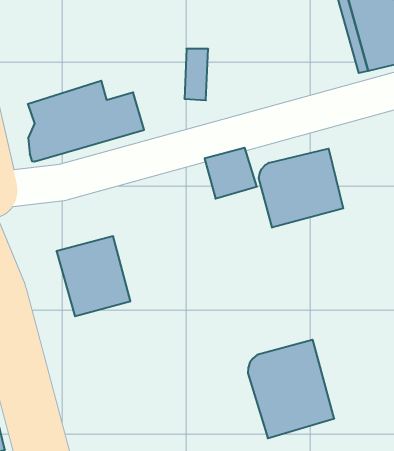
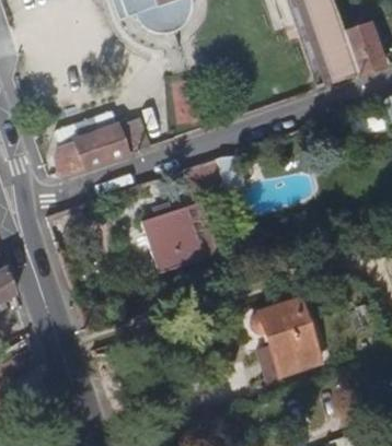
building: [259,149,343,228] -> none
building: [56,236,130,316] -> [141,207,204,273]

